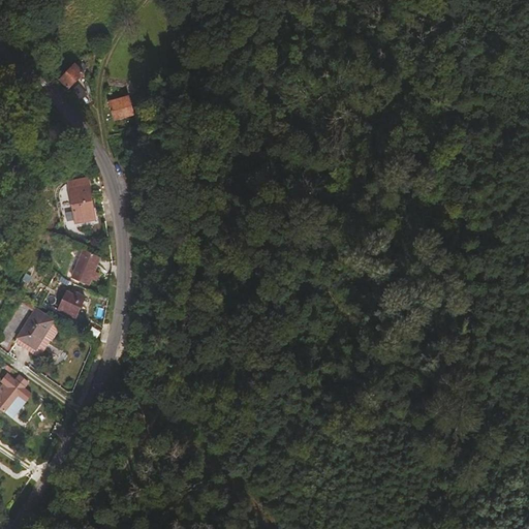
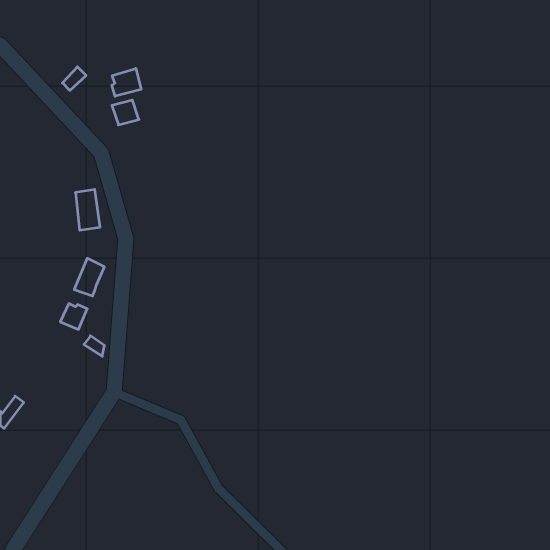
building: none -> [112,68,141,96]
building: [17,310,54,350] -> none

